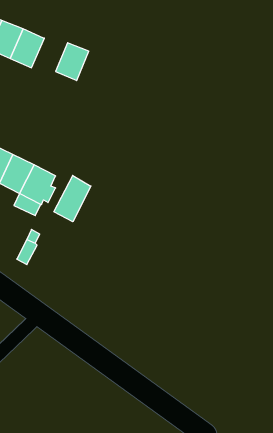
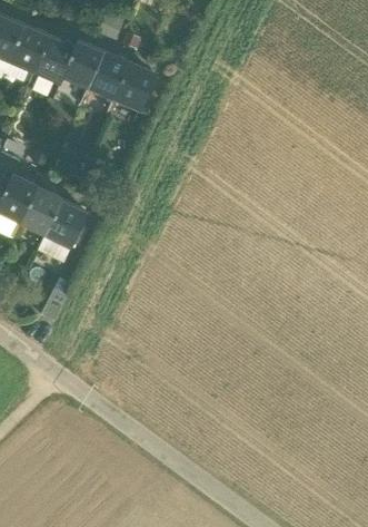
building: none -> [59,40,102,87]
building: none -> [113,62,155,110]
building: [54,175,91,222] -> none

